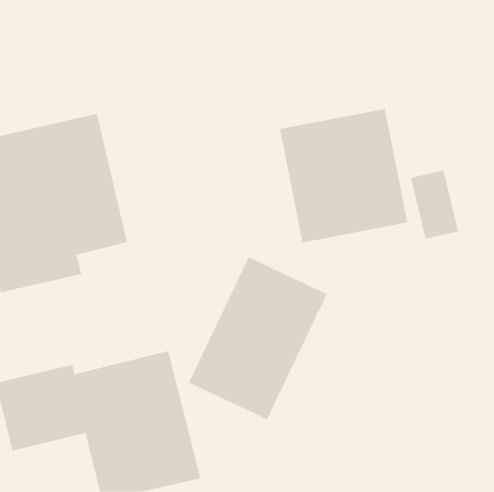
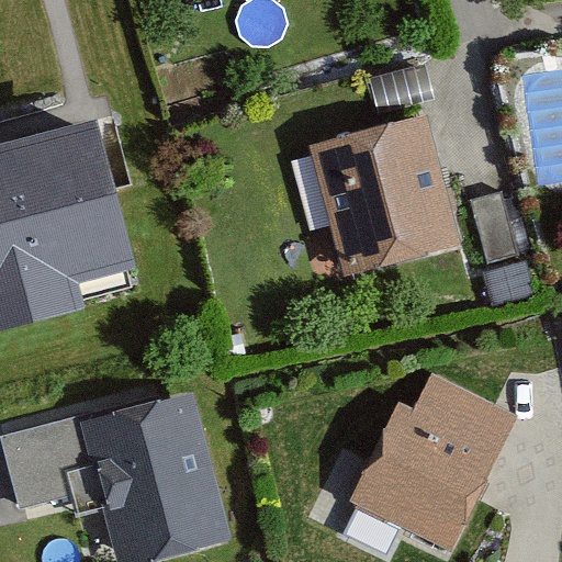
building: [188,257,328,420] -> none
building: none -> [347,372,513,549]

